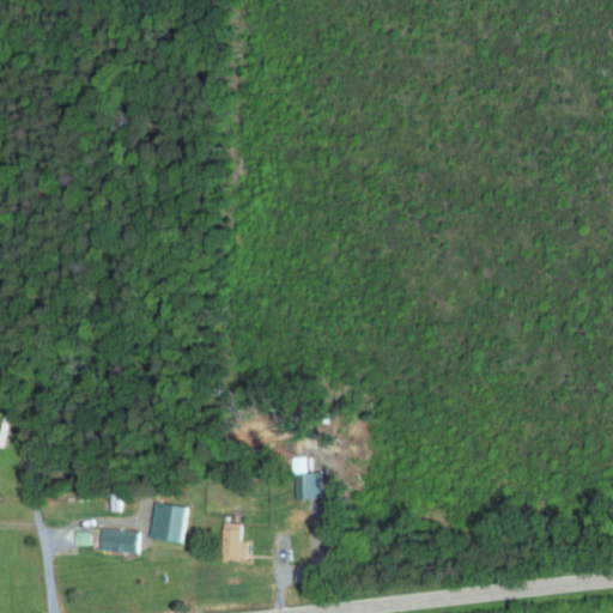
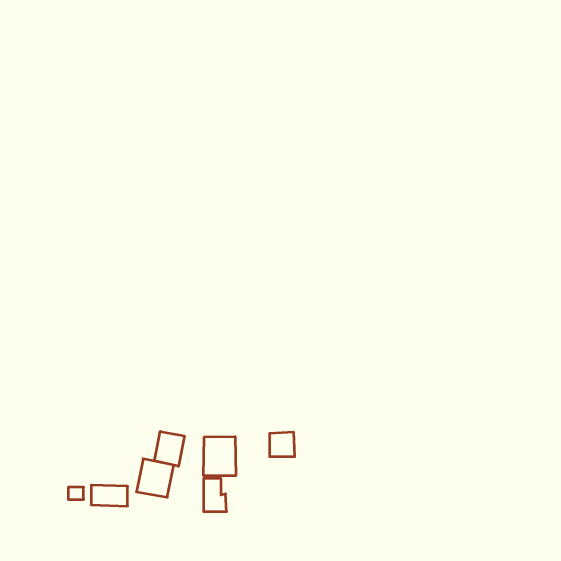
building: none -> [155,431,184,466]
building: none -> [204,437,236,476]

